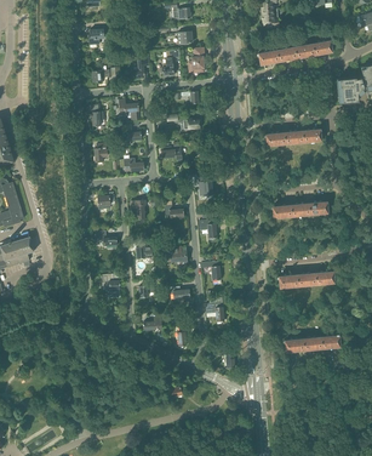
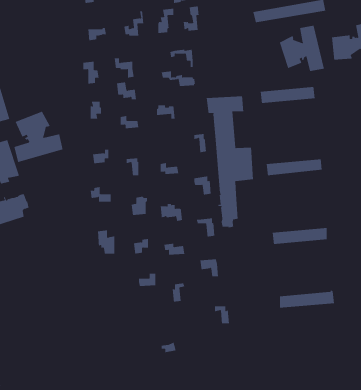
building: none -> [279,25,324,72]
building: none -> [206,96,254,228]
building: none -> [14,111,63,163]

